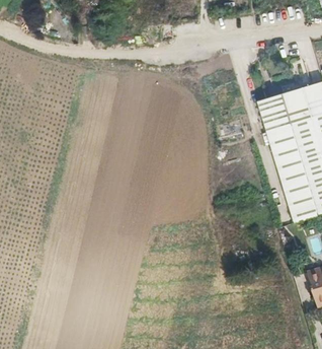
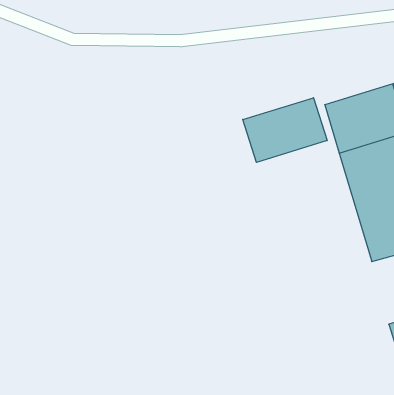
building: none -> [243,98,327,162]

